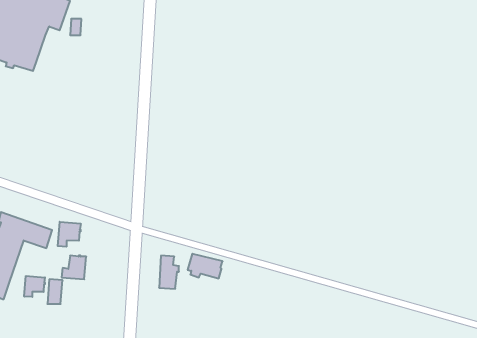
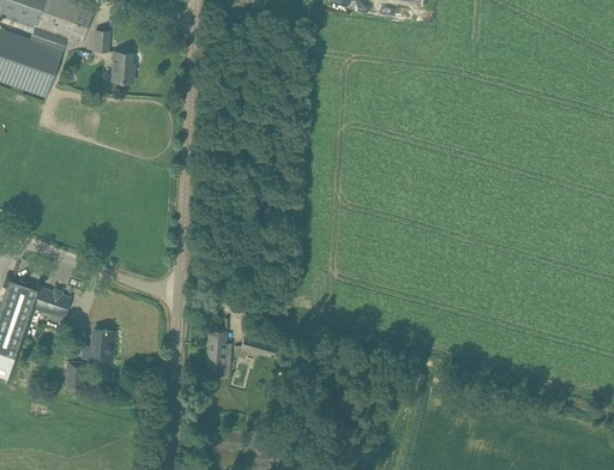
building: none -> [110,50,132,82]
building: [58,222,81,247] -> none
building: [24,276,45,297] -> none

